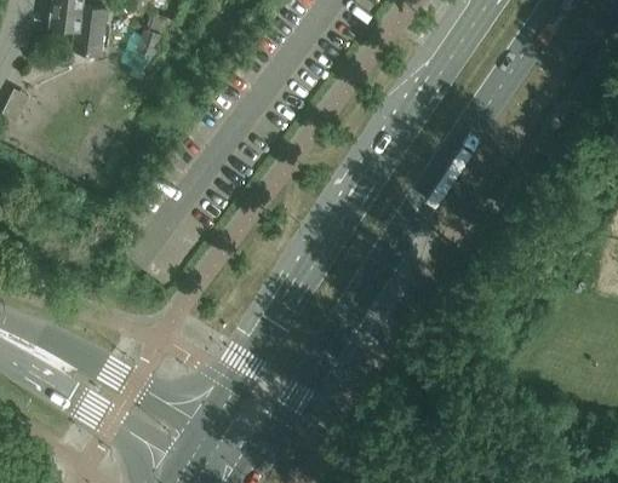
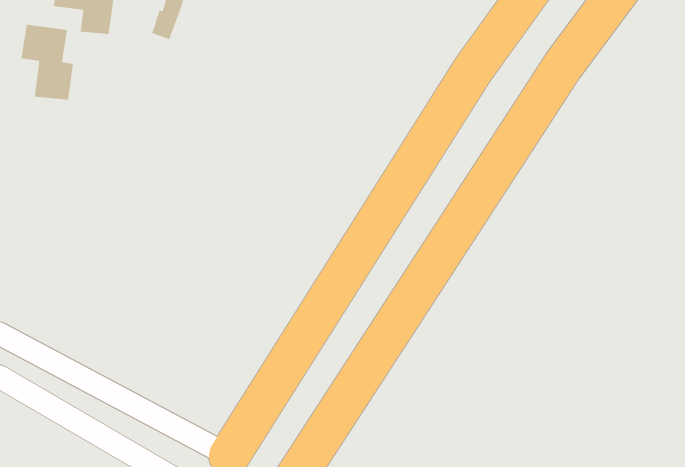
building: none -> [20,24,74,100]

